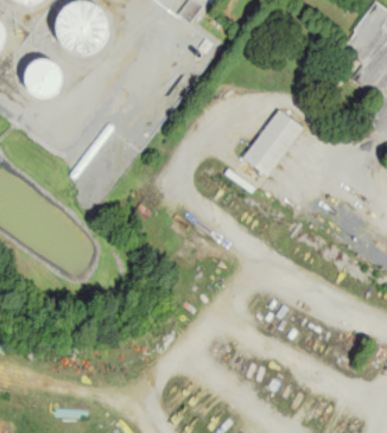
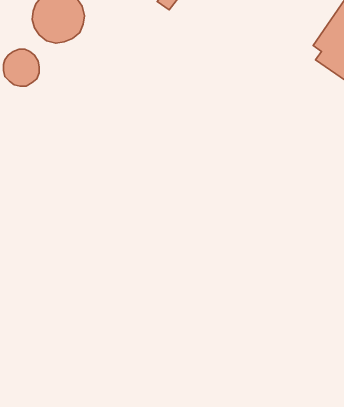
building: [241,107,304,174] -> none

